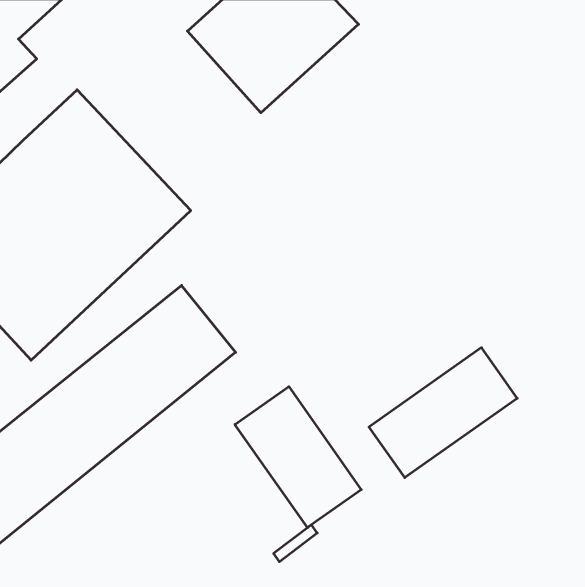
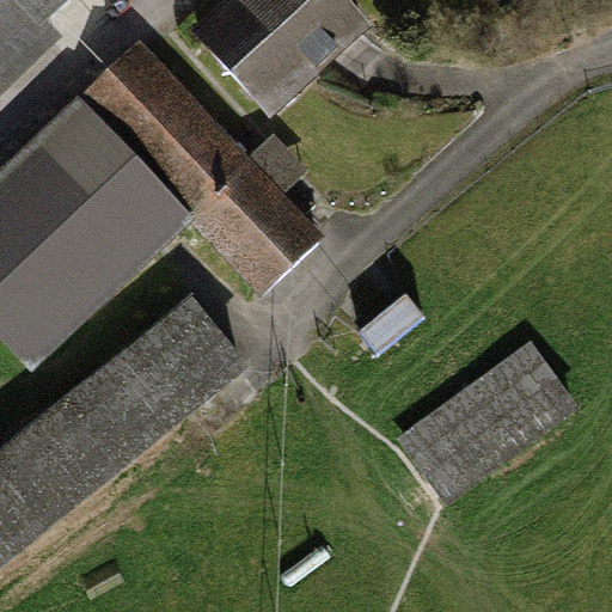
building: none -> [80,38,324,290]
building: [235,387,361,528] -> none

